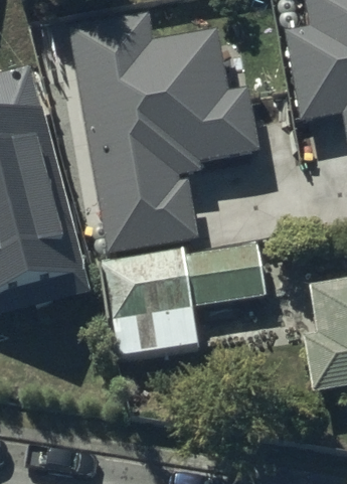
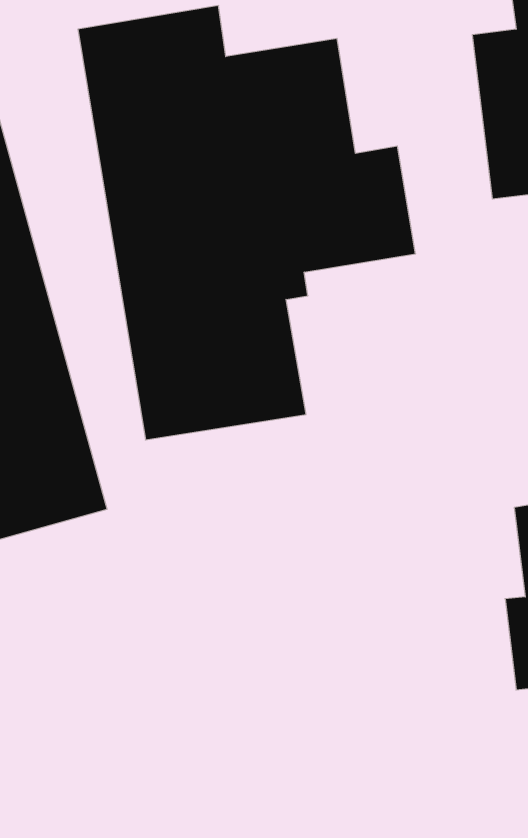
building: [111,249,262,357] -> none

